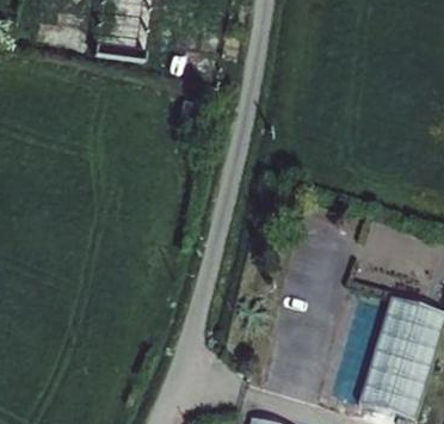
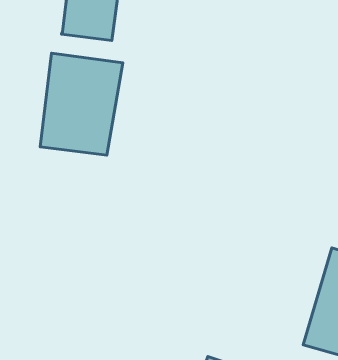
building: none -> [40,53,123,155]

